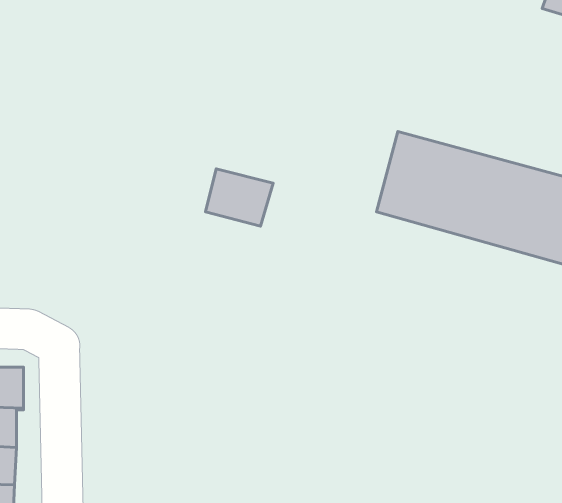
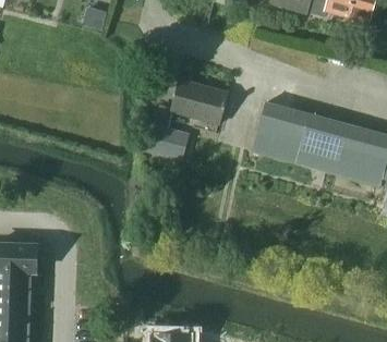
building: none -> [170,78,226,123]

